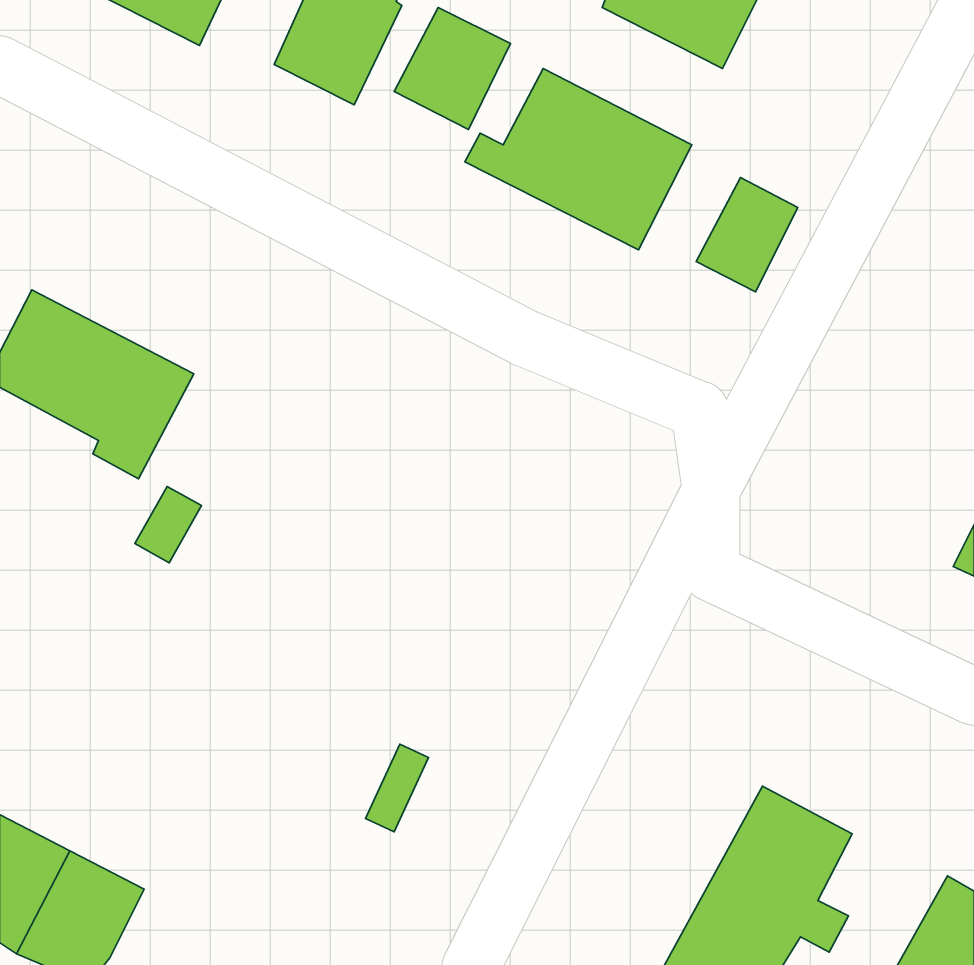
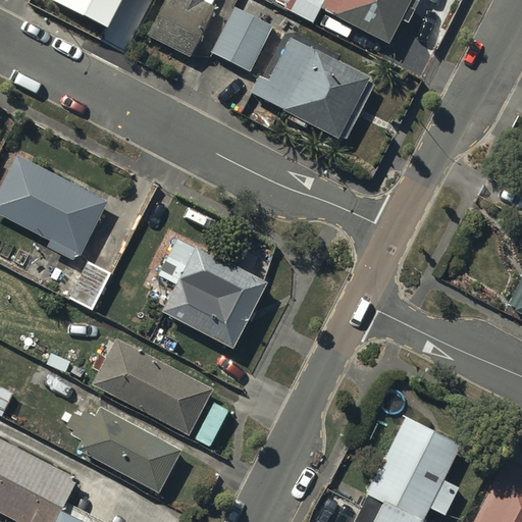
building: [696,177,798,292] -> none
building: none -> [160,240,265,347]
building: none -> [97,343,211,432]
building: none -> [68,415,178,491]

